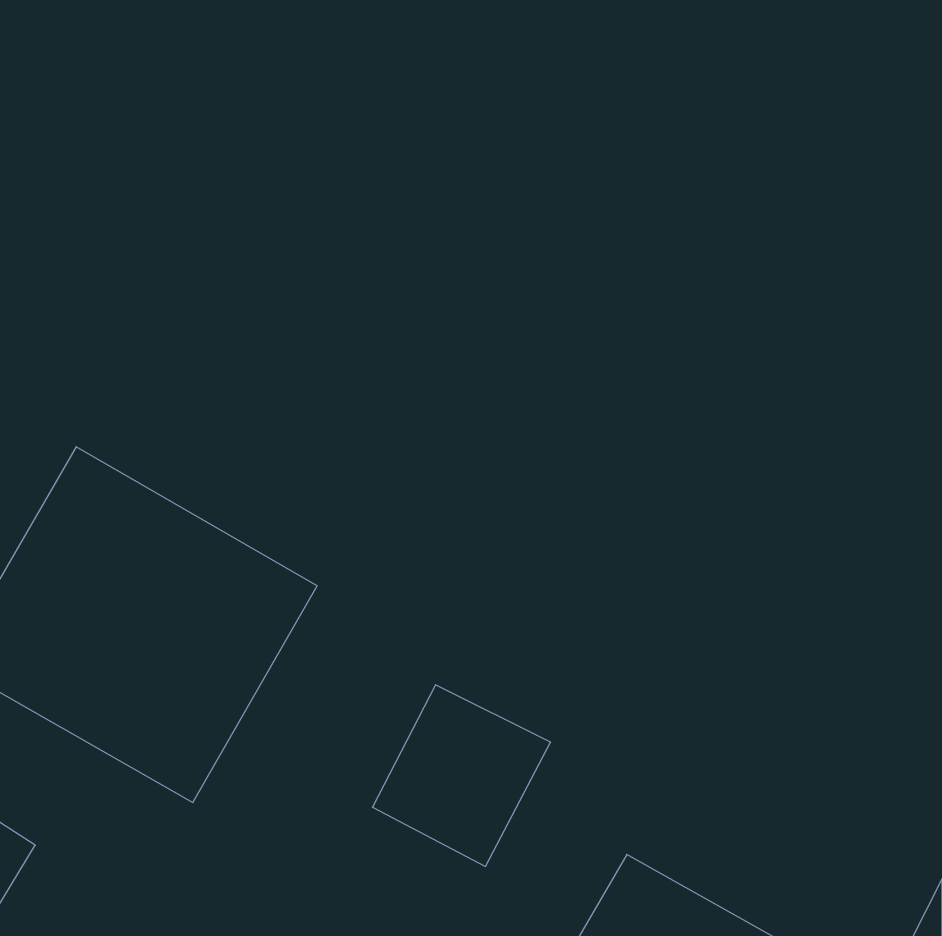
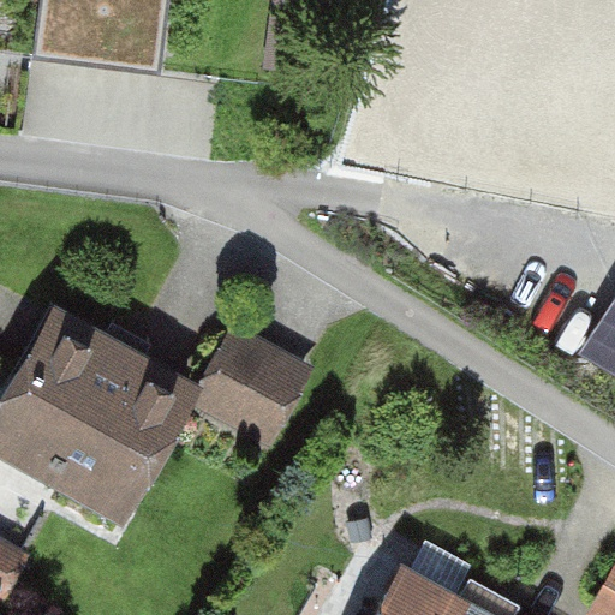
building: [372,685,551,866] -> [195,333,310,450]

